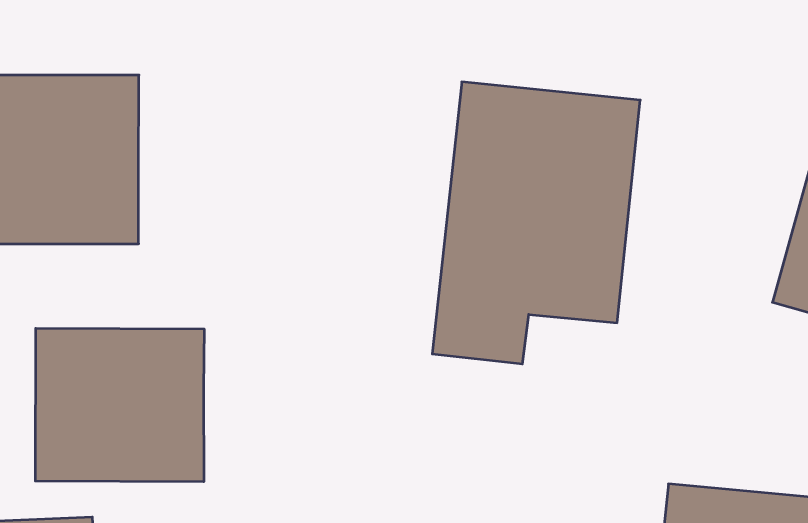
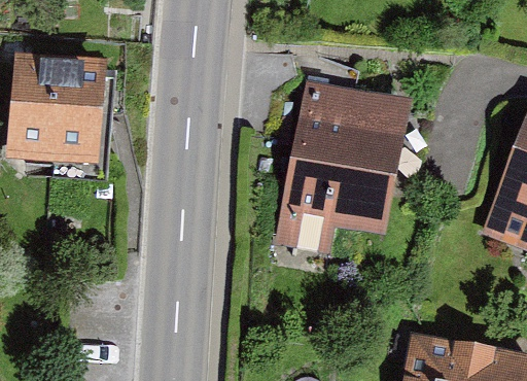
building: [35,328,204,482] -> none

